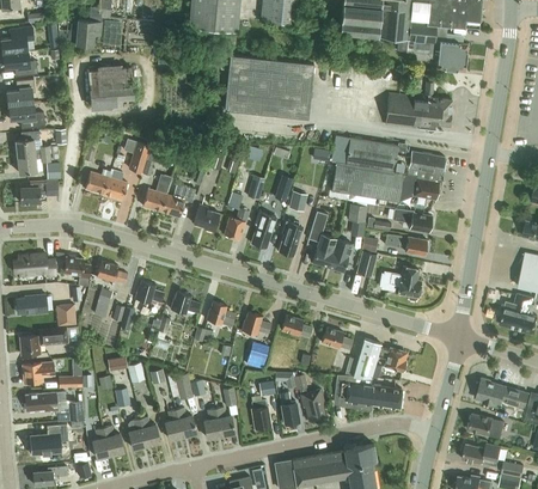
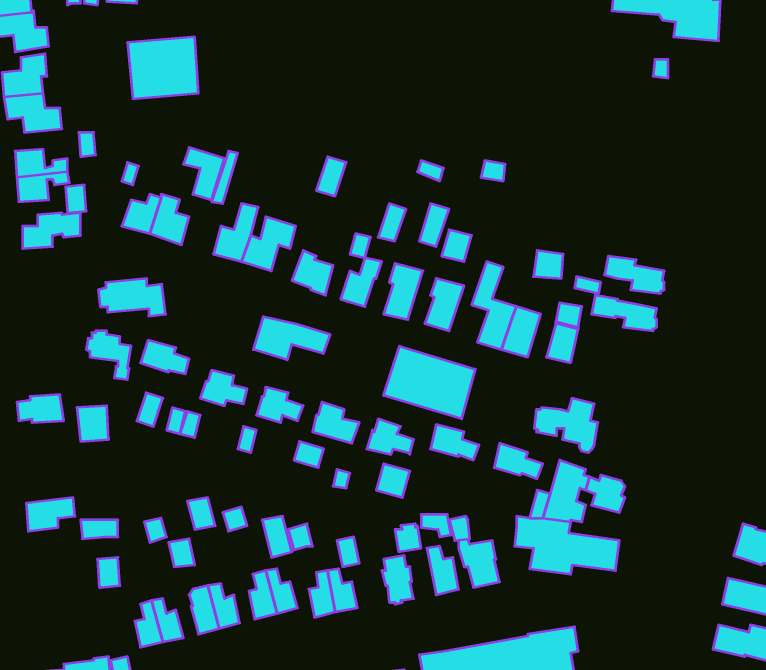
building: [225,55,313,118] -> none
building: [385,94,452,134] -> none
building: [324,133,445,202] -> none
building: none -> [253,317,330,360]
building: [13,255,56,279] -> [98,279,166,316]
building: none -> [384,346,475,419]
building: [379,267,420,301] -> [534,398,598,453]
building: [20,329,67,355] -> none
building: [25,392,59,411] -> none
building: [29,424,68,456] -> none

